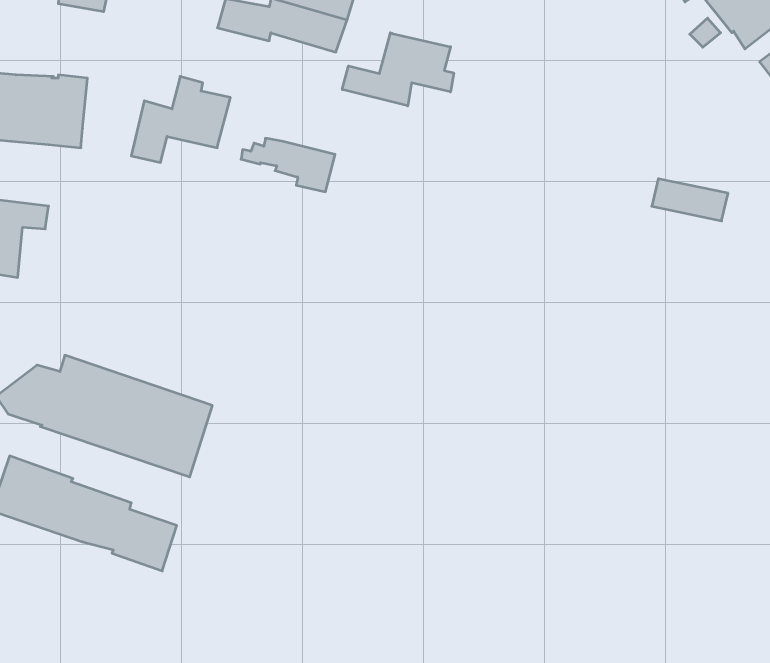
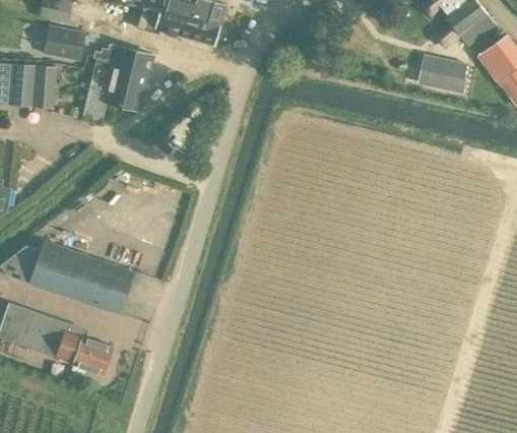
building: none -> [42,24,86,62]
building: [342,33,454,106] -> none
building: [241,138,335,192] -> [93,44,152,77]
building: [652,179,728,221] -> [421,54,468,80]

